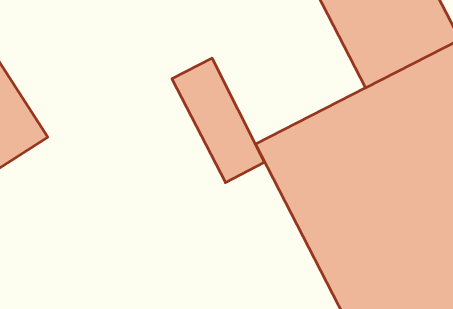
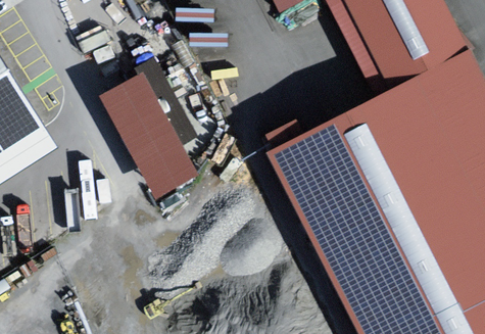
building: [172,58,264,183] -> [103,75,195,198]

